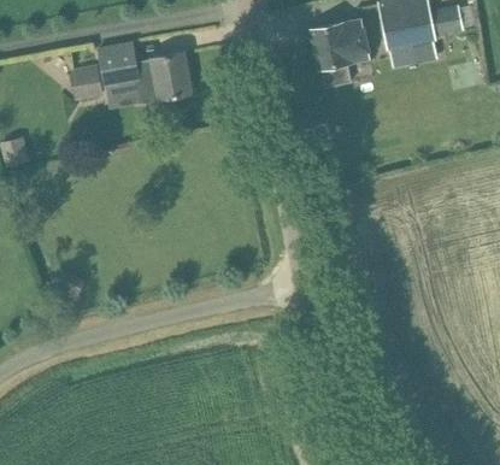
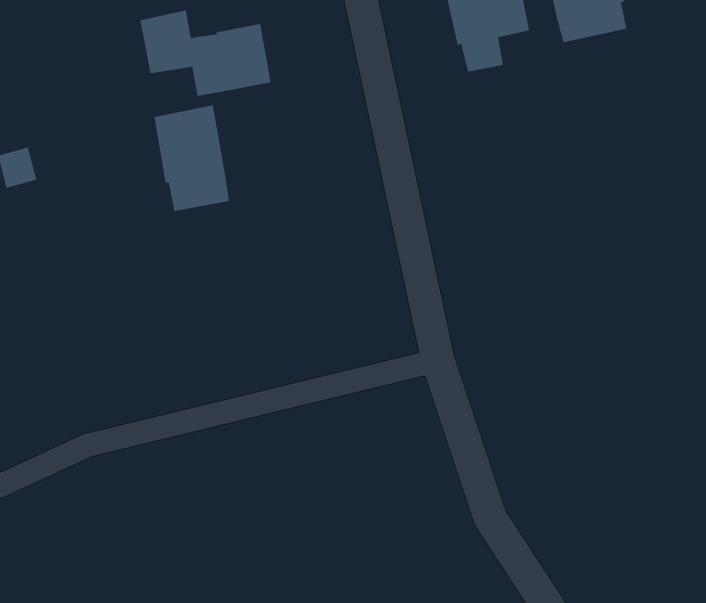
building: [71,69,102,100] -> none
building: none -> [154,105,229,212]

